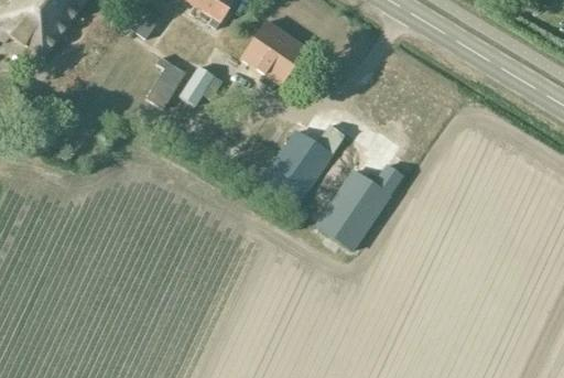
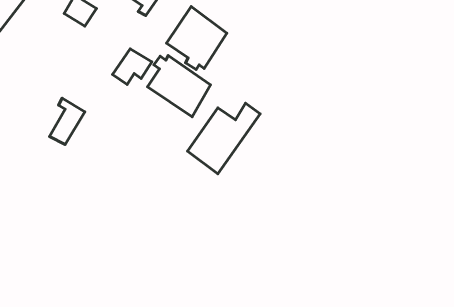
building: [145,54,185,106] -> [49,98,85,144]
building: none -> [148,56,210,117]
building: [318,164,400,246] -> none

